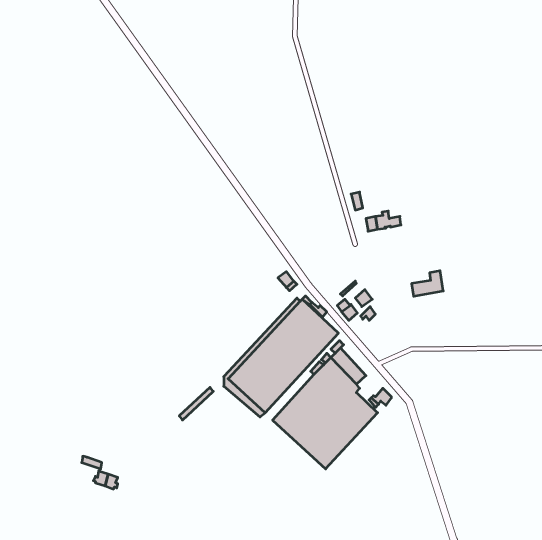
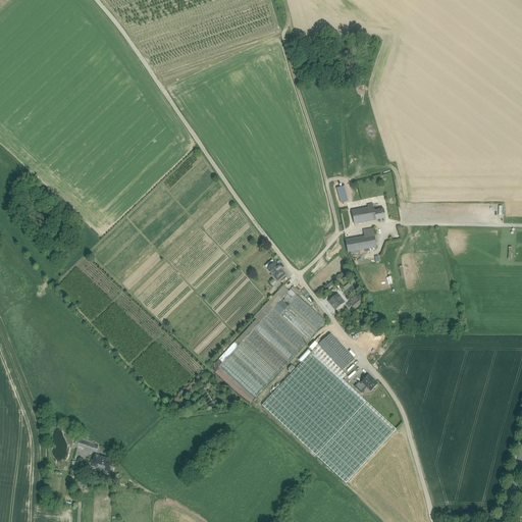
building: [412,271,443,296] -> [346,226,376,251]
building: none -> [313,397,397,482]

